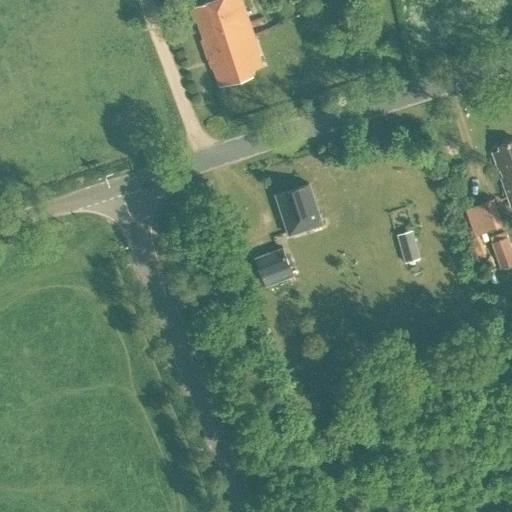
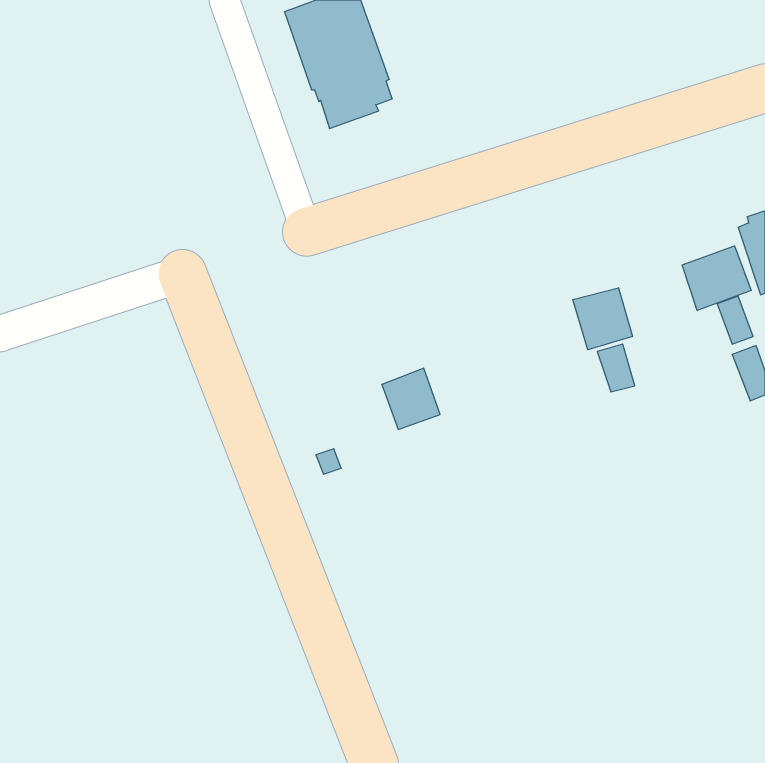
building: none -> [682,246,751,311]
building: [276,184,322,235] -> none
building: none -> [573,288,632,350]

